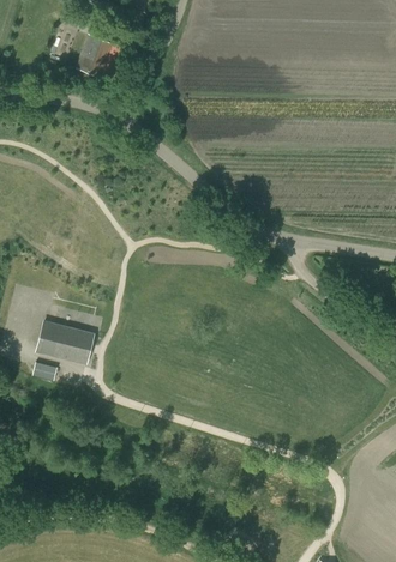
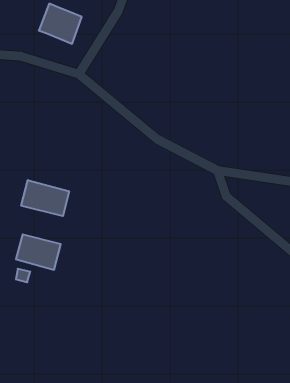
building: none -> [21,180,69,216]

